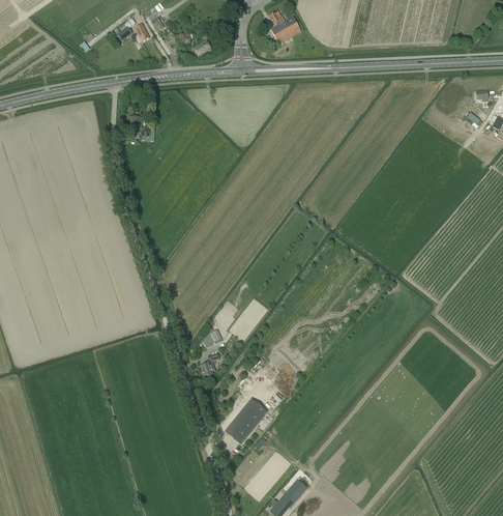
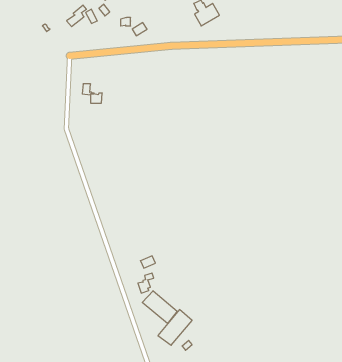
building: none -> [142,291,177,323]

